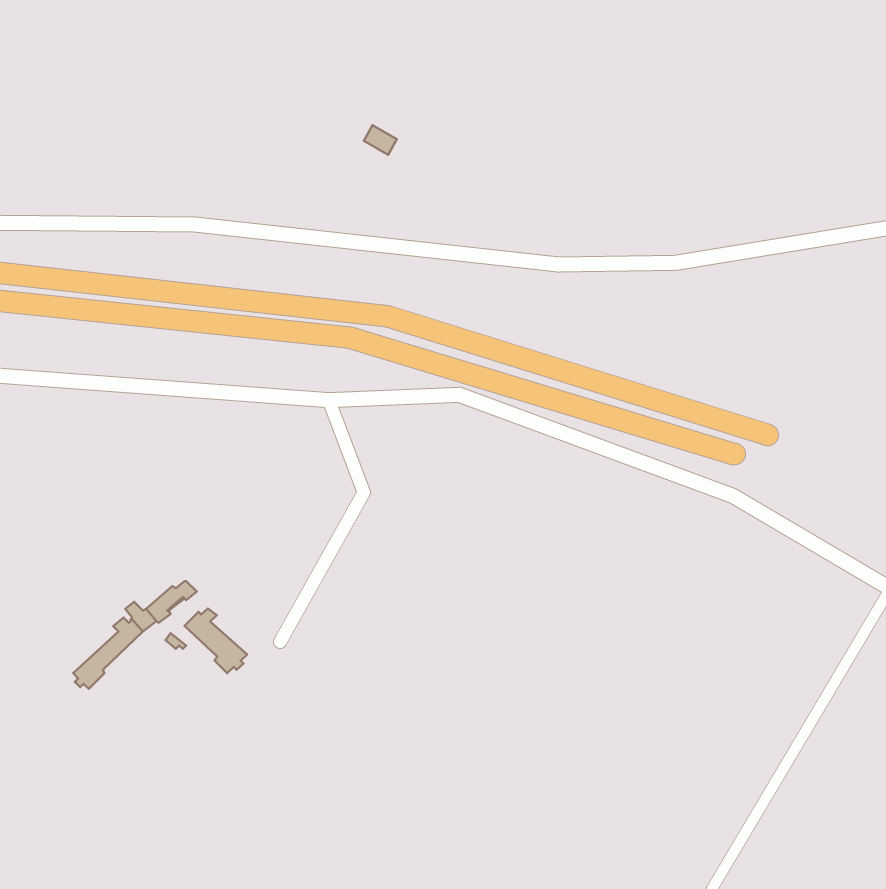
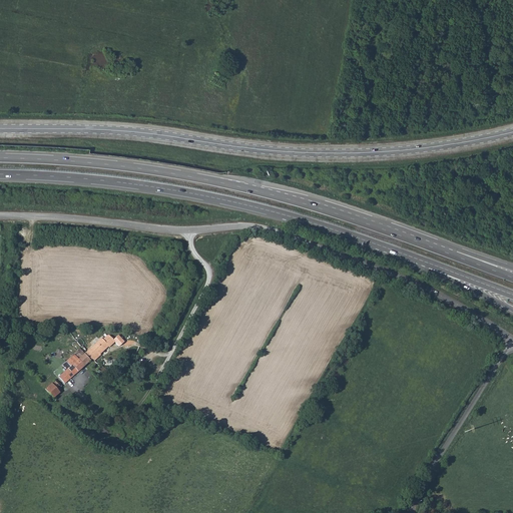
building: [185,609,247,673] -> none

